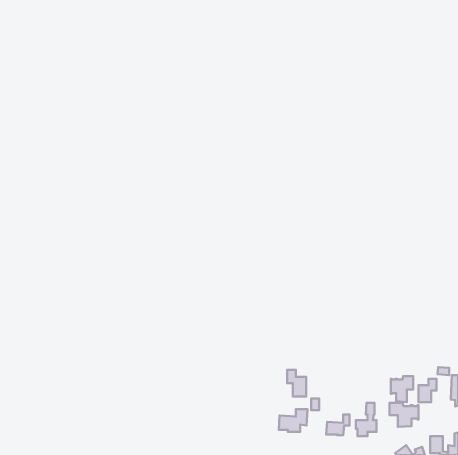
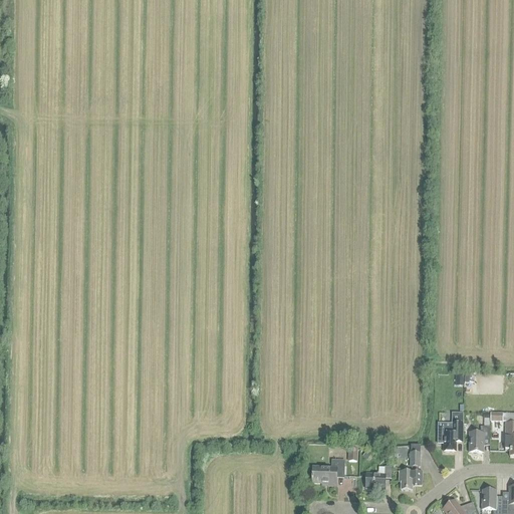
building: [287,370,306,396] -> none
building: [390,403,419,427] -> none

